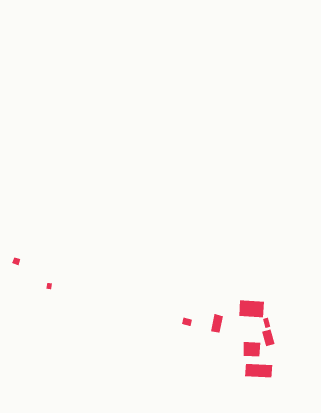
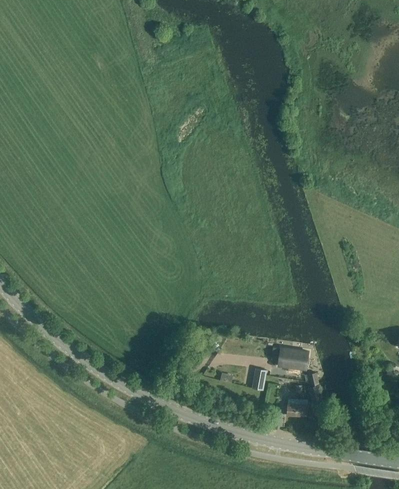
building: [245,363,273,378] -> none

